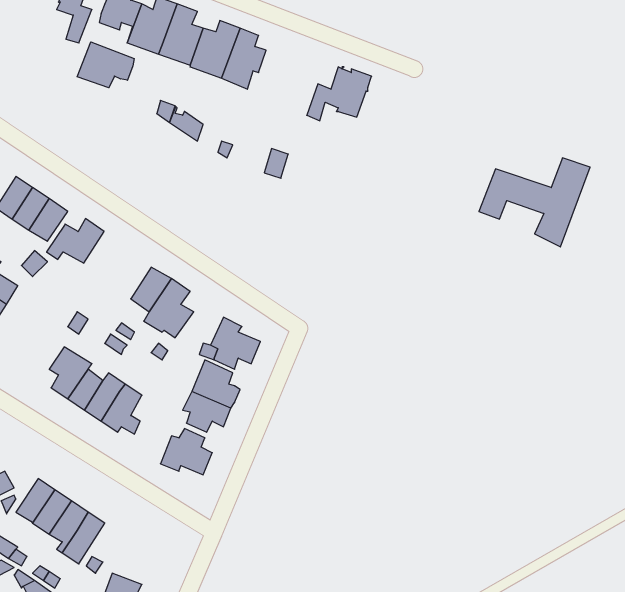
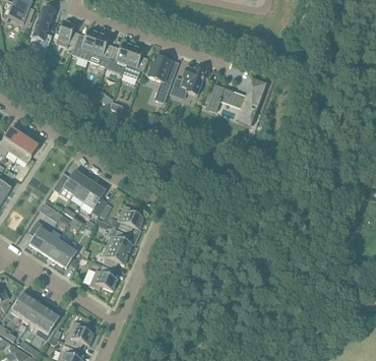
building: [77,42,134,88] -> none
building: none -> [146,54,175,102]
building: [479,158,590,247] -> [205,77,266,126]
building: [47,219,104,263] -> [53,169,84,193]
building: none -> [64,319,95,348]

